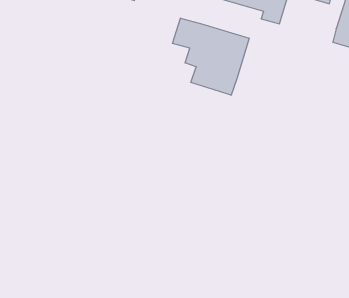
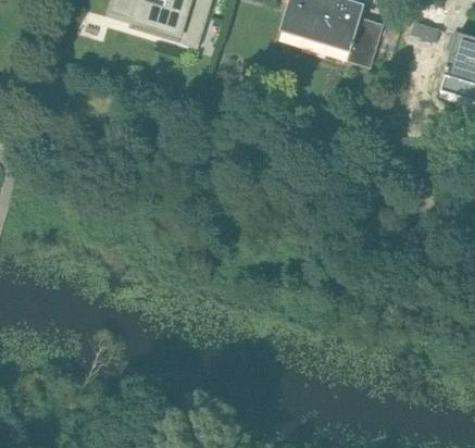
building: [173,18,249,95] -> none

